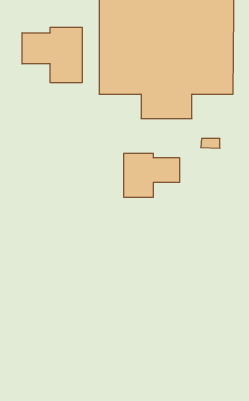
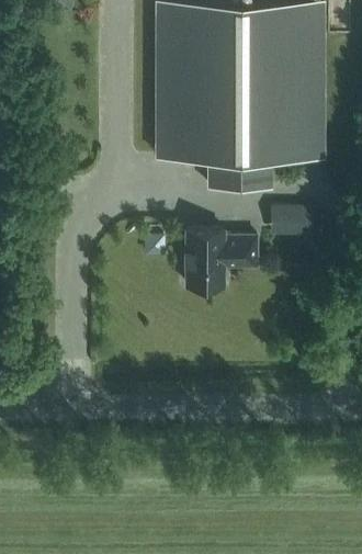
building: [22,27,82,83] -> none

